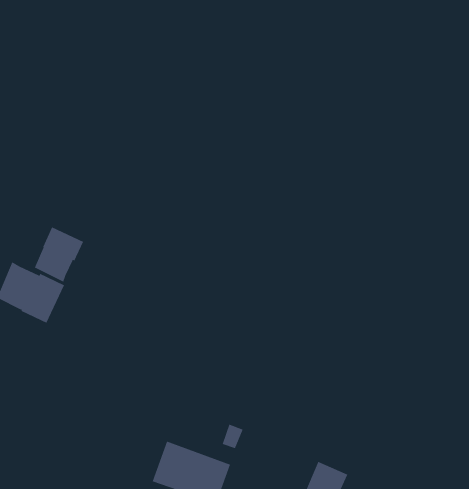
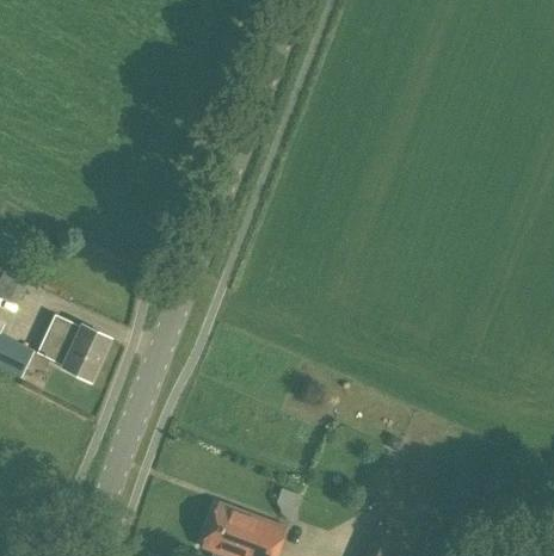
building: [34,226,84,282] -> none

